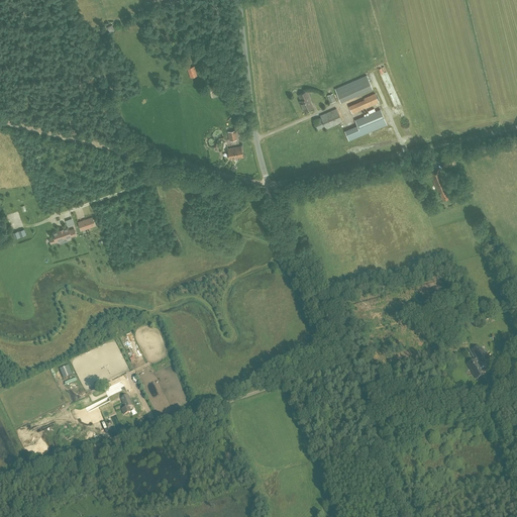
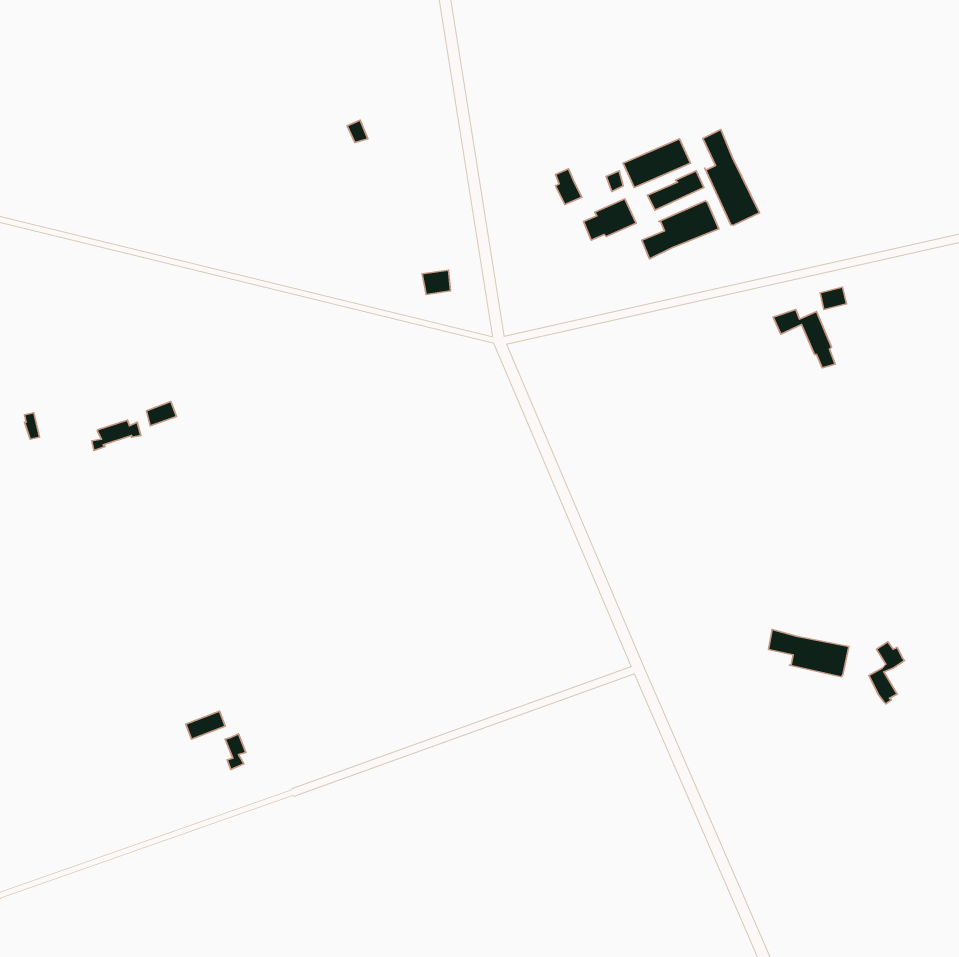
building: none -> [703,130,759,225]
building: none -> [768,630,849,677]

